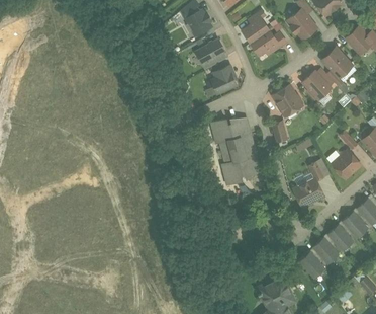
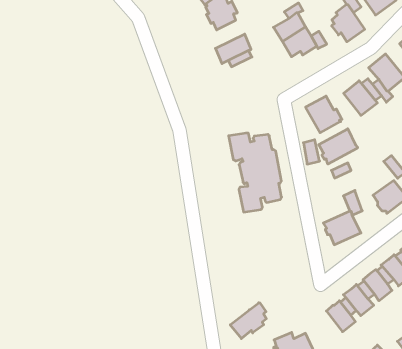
building: [210,66,237,95] -> none
building: none -> [319,129,358,164]
building: none -> [230,303,266,339]

